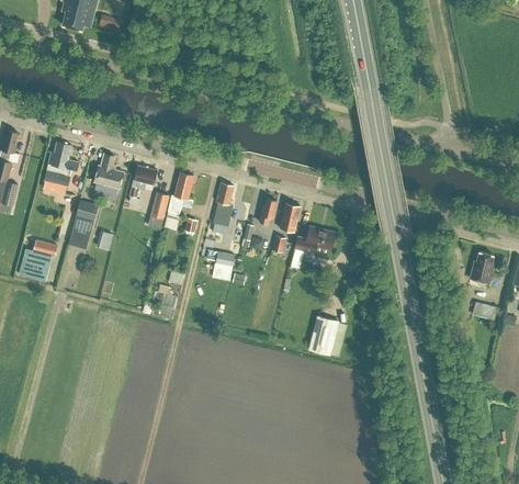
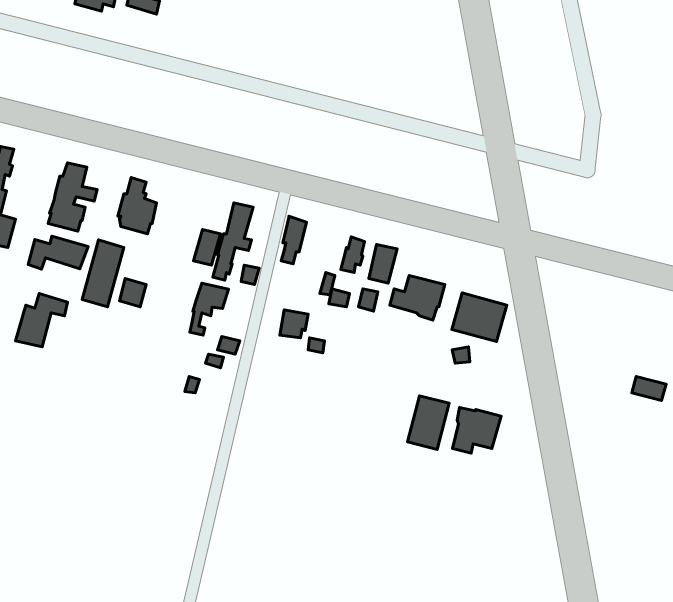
building: [129,166,158,204] -> [190,283,228,335]
building: none -> [28,236,88,269]
building: none -> [452,293,507,342]
building: [470,251,494,288] -> none
building: none -> [452,407,501,453]

